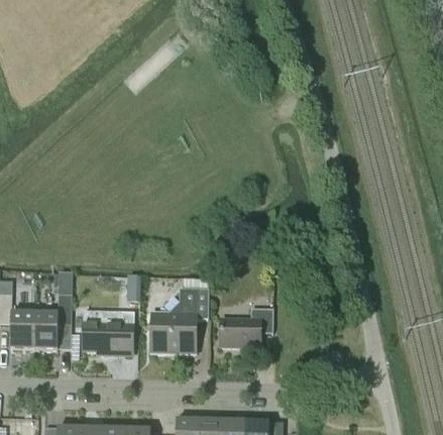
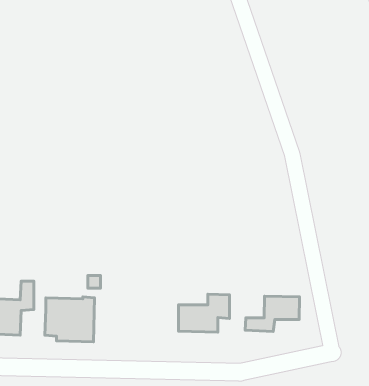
building: [150,277,209,351] -> none
building: none -> [245,296,299,332]

